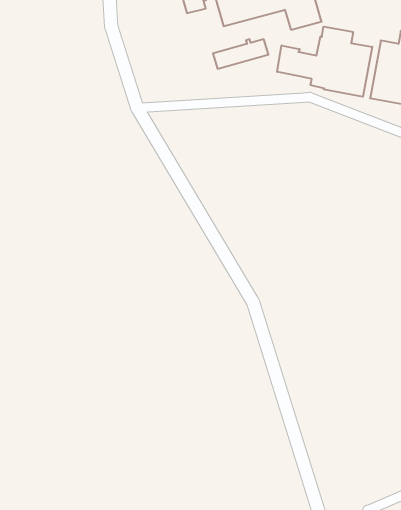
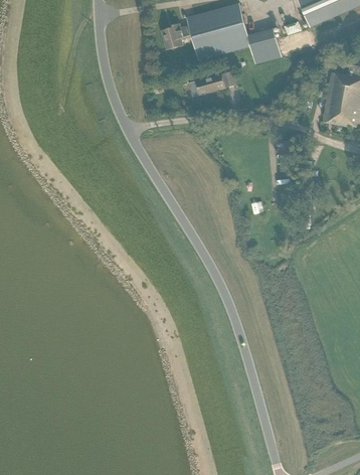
building: [277,27,372,97] -> none

